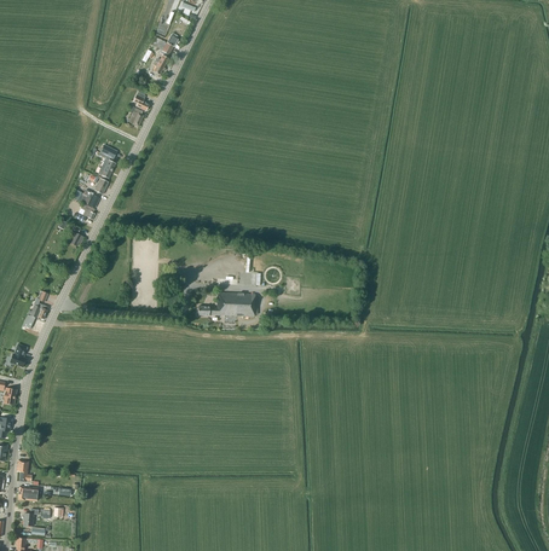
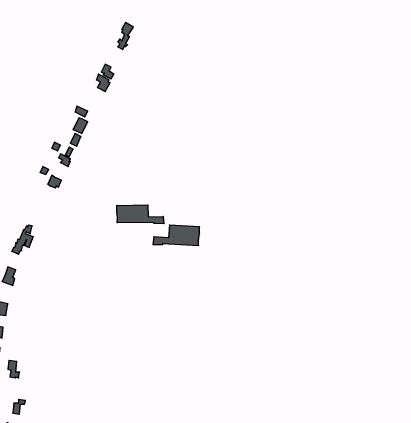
building: none -> [117,205,164,224]

